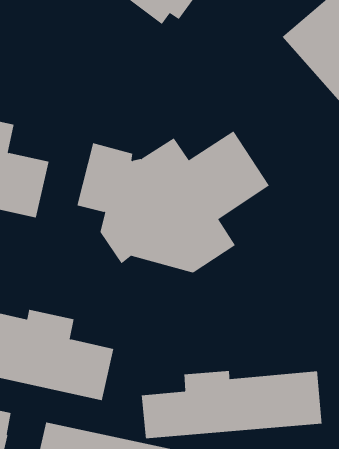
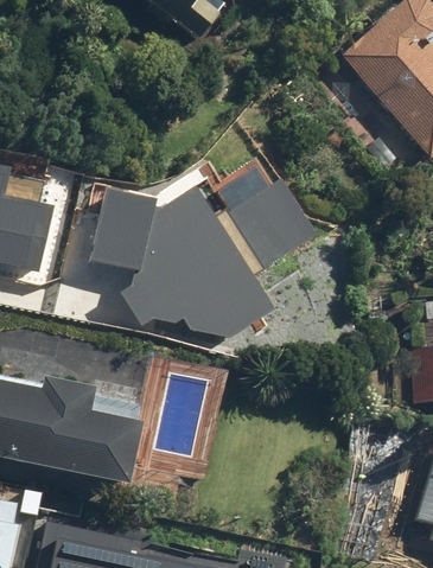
building: [141,370,322,439] -> none

